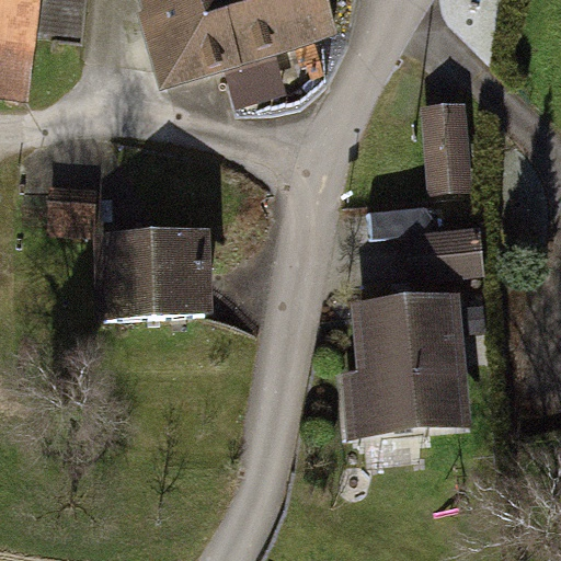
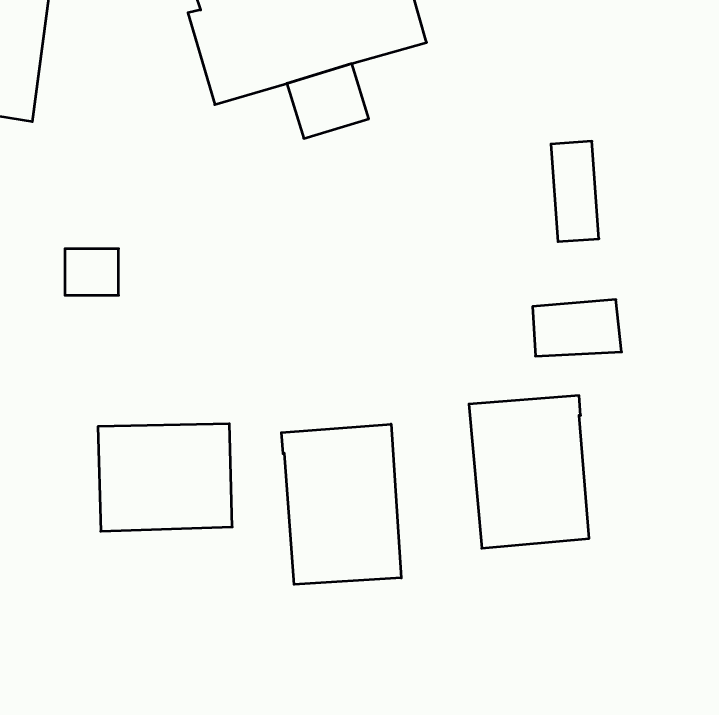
building: [101,234,205,318] -> [98,424,232,531]
building: none -> [281,424,401,584]

